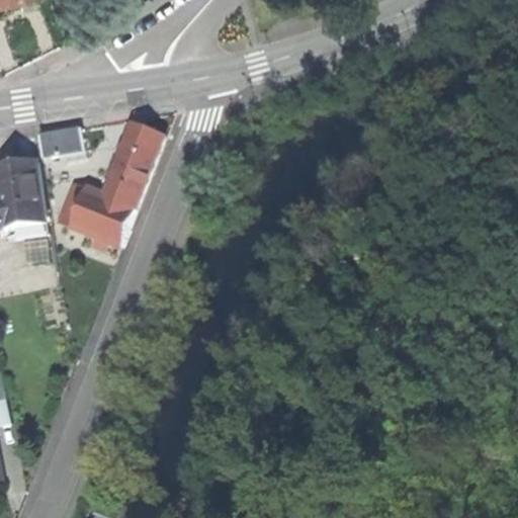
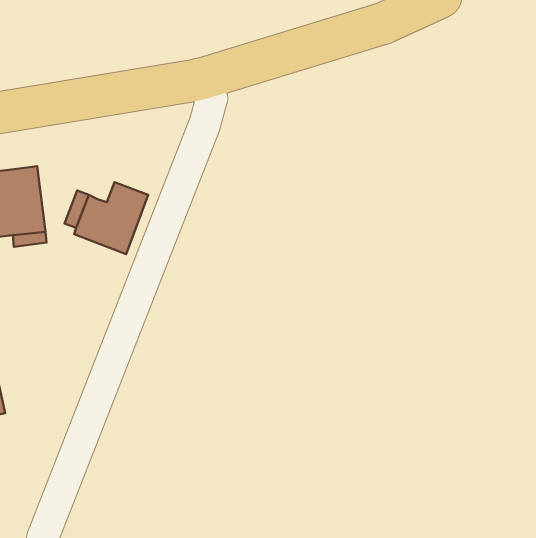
building: [109,120,162,186] -> none
building: [38,125,82,155] -> none

